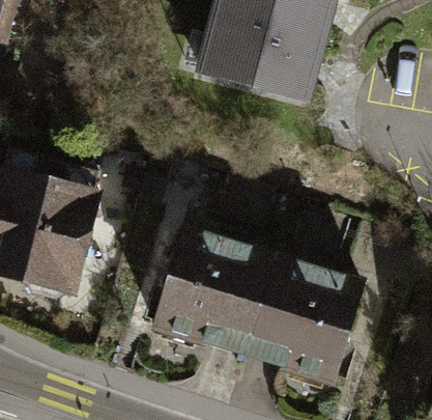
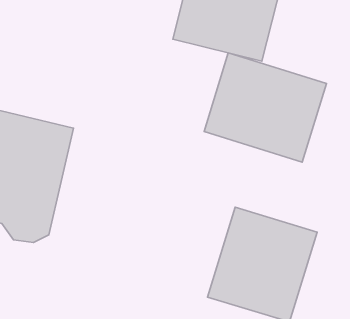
building: none -> [204,53,327,162]
building: [155,232,273,357] -> none

